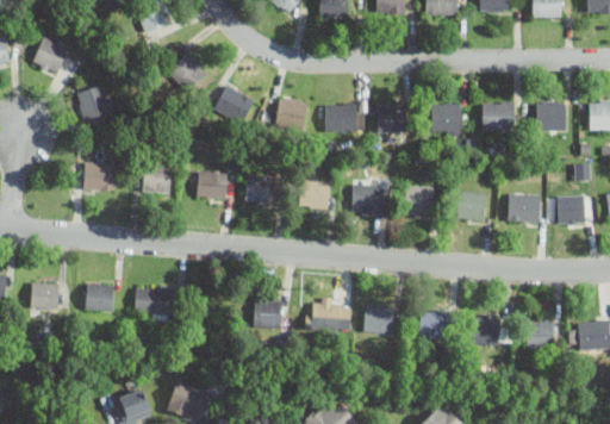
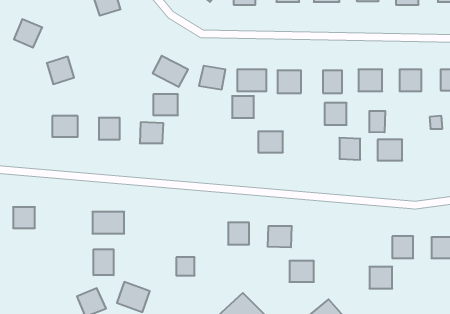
building: [167,52,207,93] -> none
building: none -> [369,111,385,132]
building: [245,175,278,202] -> [153,94,178,115]
building: [300,181,329,210] -> [232,96,254,118]
building: [404,186,432,214] -> [325,103,347,125]
building: [558,197,584,223] -> none
building: [85,283,114,311] -> none
building: [254,304,278,328] -> [176,257,195,276]
building: [417,313,449,341] -> [289,261,314,282]
building: [473,316,503,344] -> [369,267,392,289]
building: none -> [94,249,114,275]

